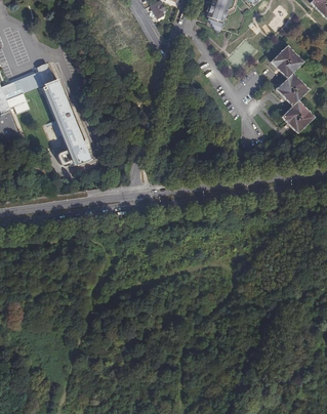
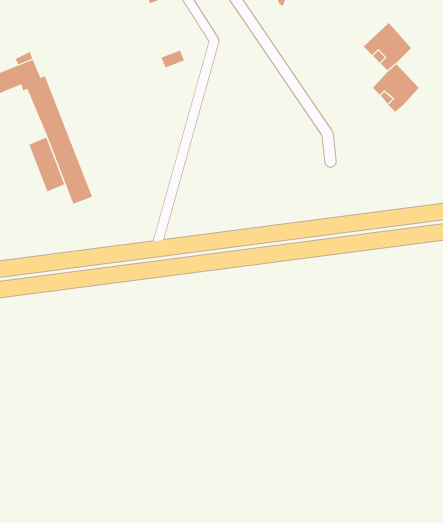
building: [281,98,313,130] -> none

